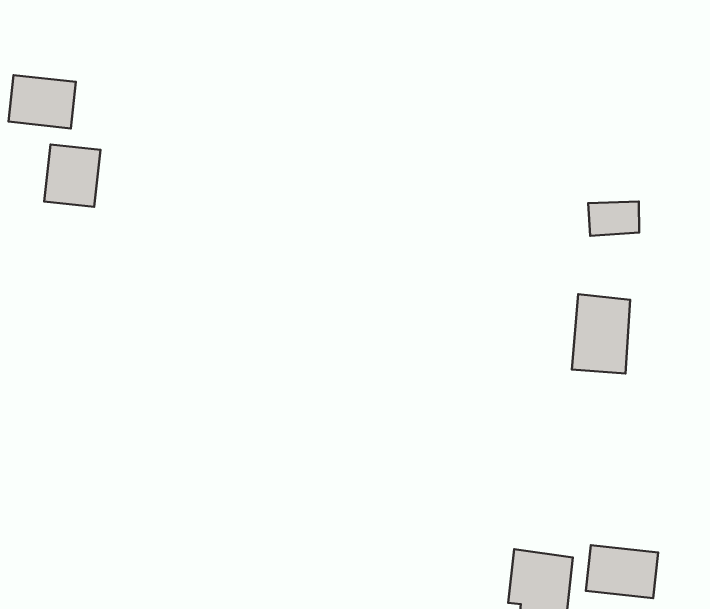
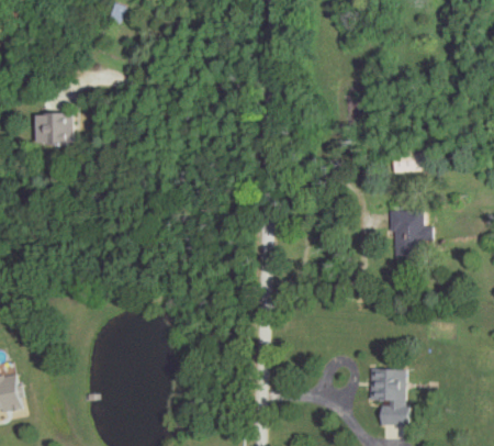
building: [44,145,100,207] -> none
building: [586,545,658,598] -> none

